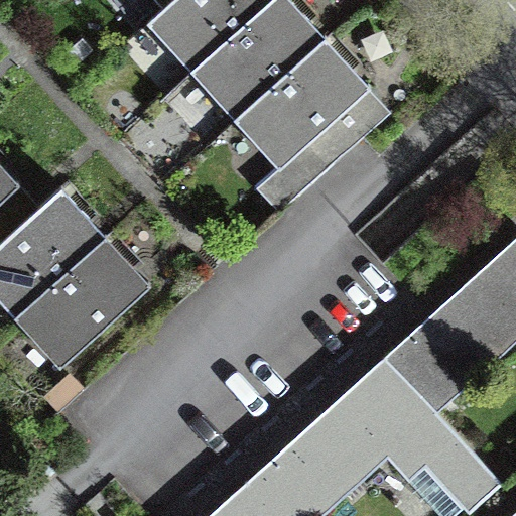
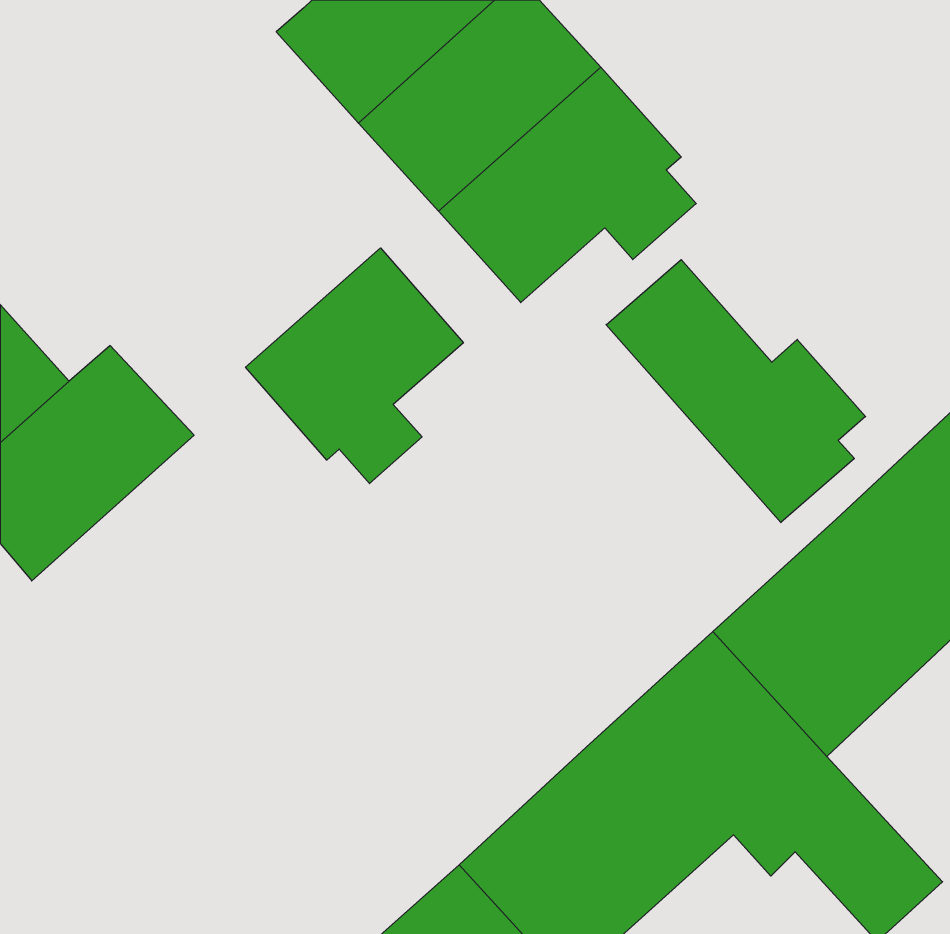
building: none -> [246,248,463,484]
building: none -> [606,260,866,523]
building: [19,246,148,371] -> none

